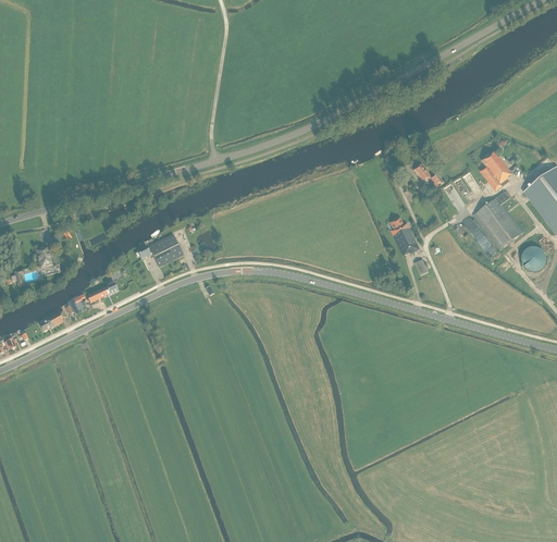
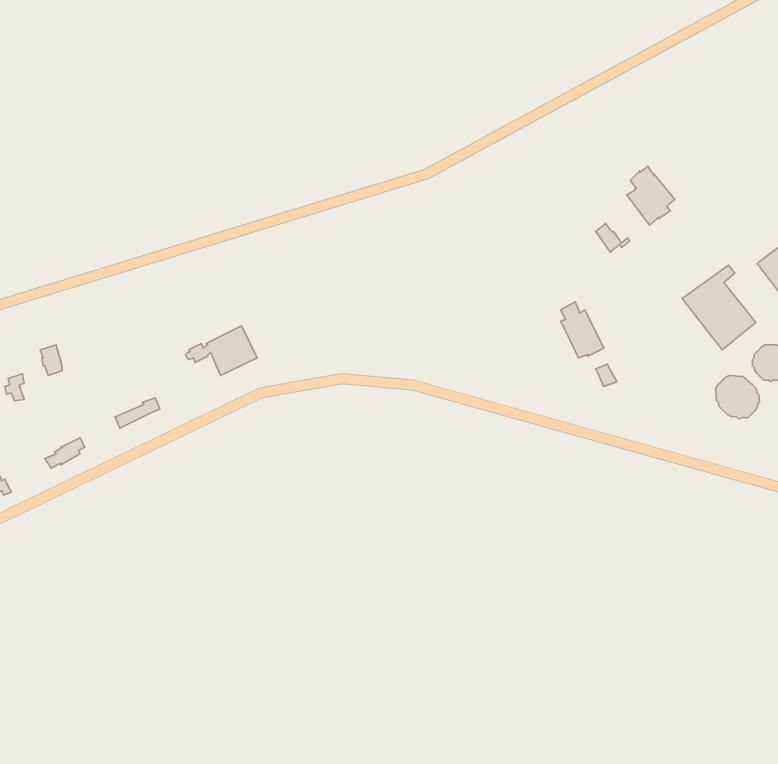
building: [480,150,512,190] -> [627,166,675,225]
building: none -> [716,375,759,419]

